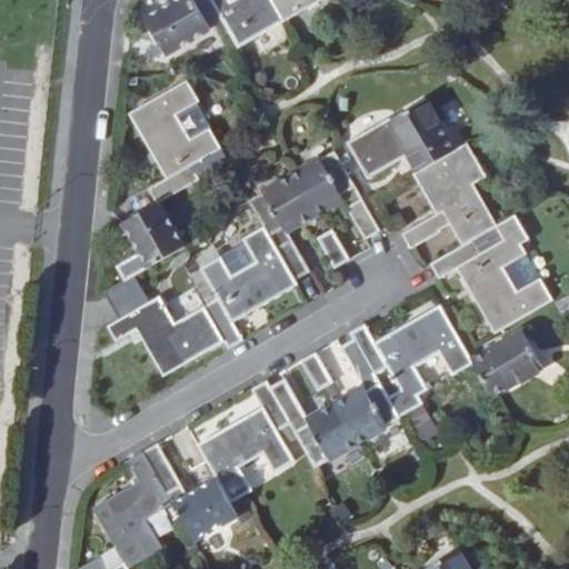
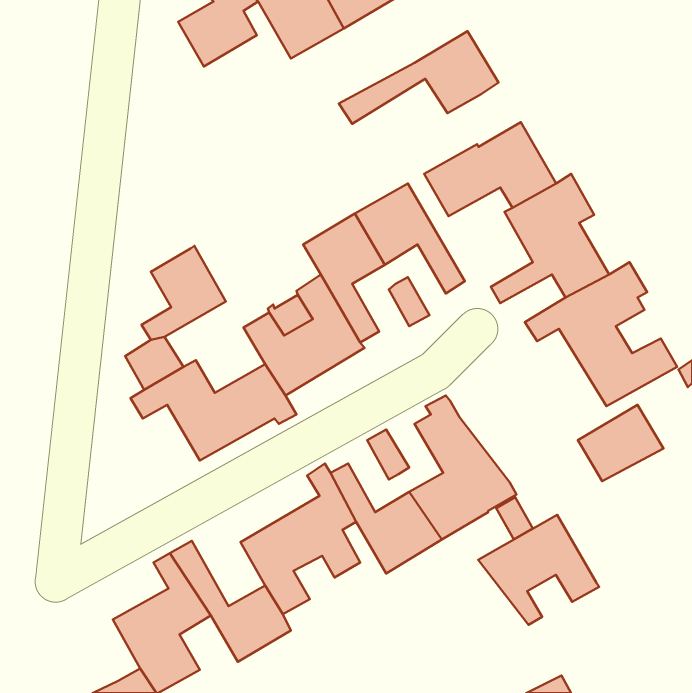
building: none -> [339,31,498,124]
building: [129,80,221,203] -> none
building: [376,305,475,395] -> [478,515,599,625]

